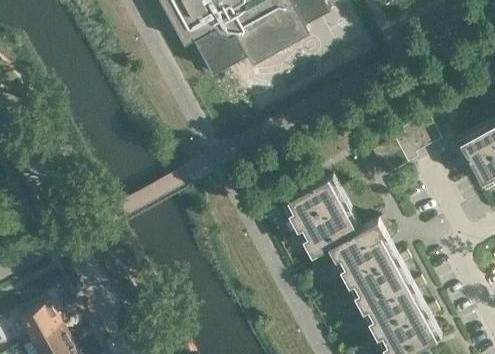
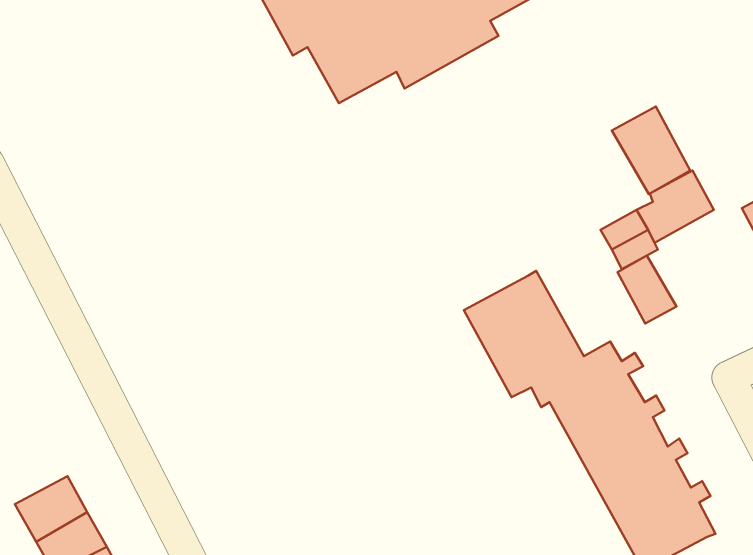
building: none -> [612,107,690,194]
building: none -> [618,255,676,324]

